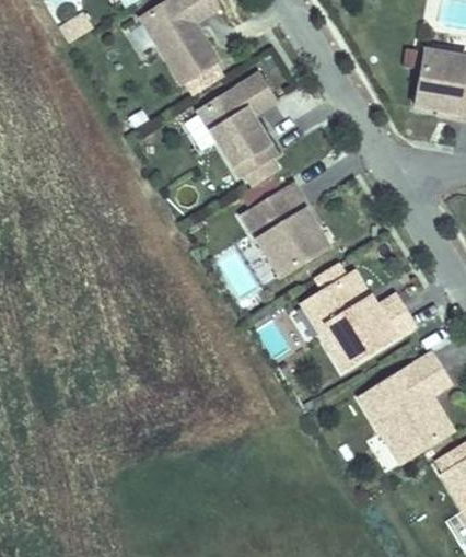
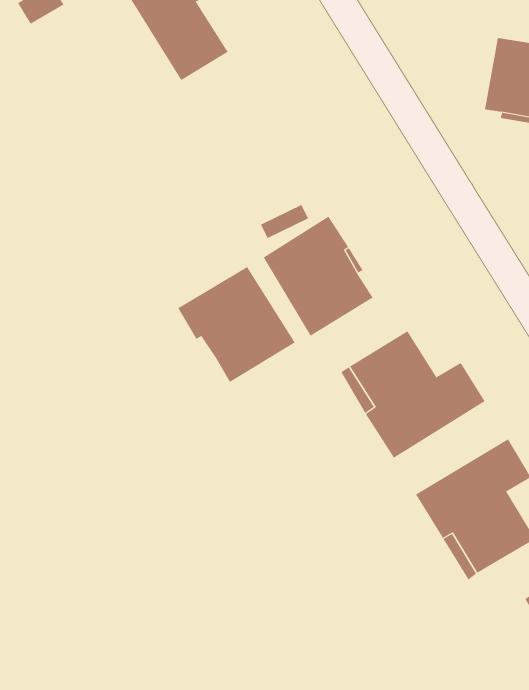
building: [198,71,273,173] -> none
building: none -> [178,266,295,383]

